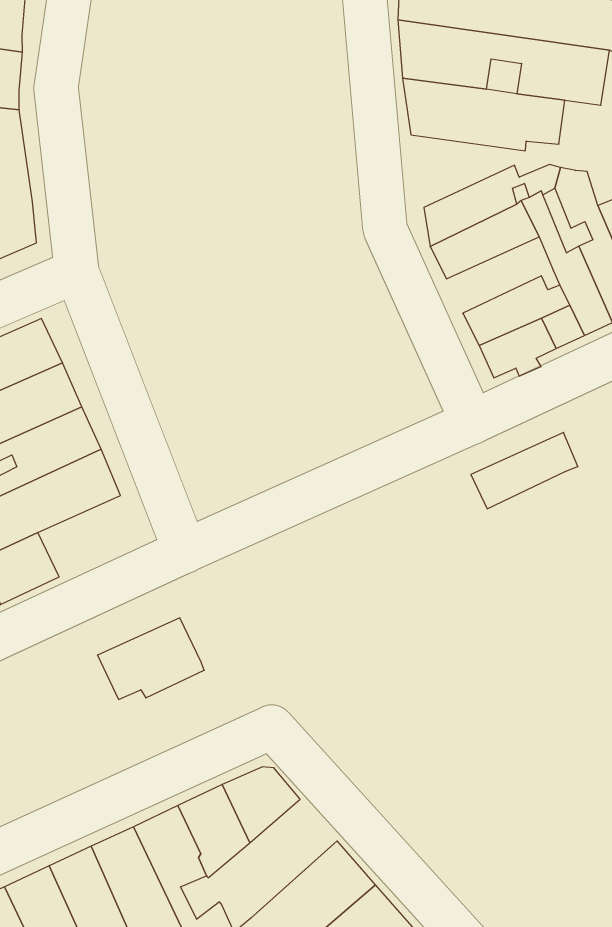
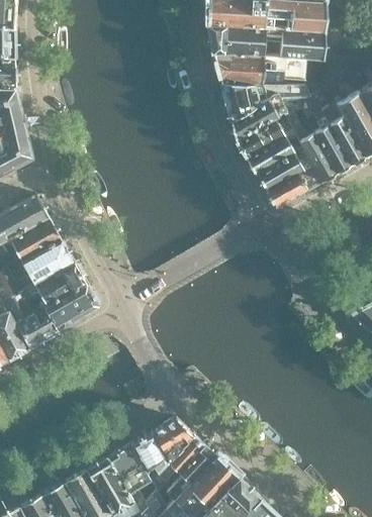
building: none -> [222,83,310,120]
building: [471,432,578,509] -> [248,130,303,174]
building: [97,618,204,699] -> [45,285,102,330]
building: none -> [151,435,216,500]

